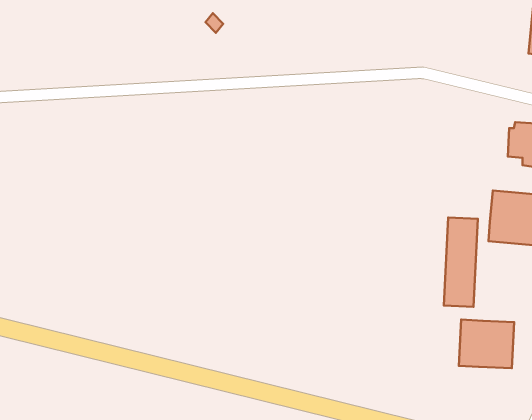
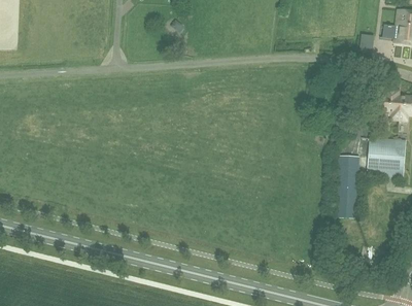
building: [459,320,514,368] -> none

